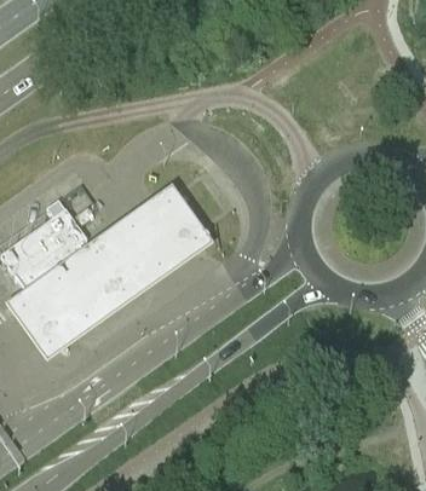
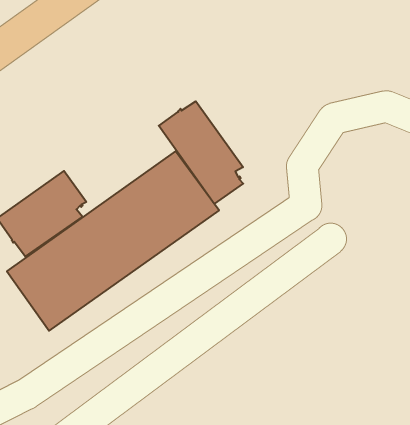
building: none -> [159,101,243,204]

